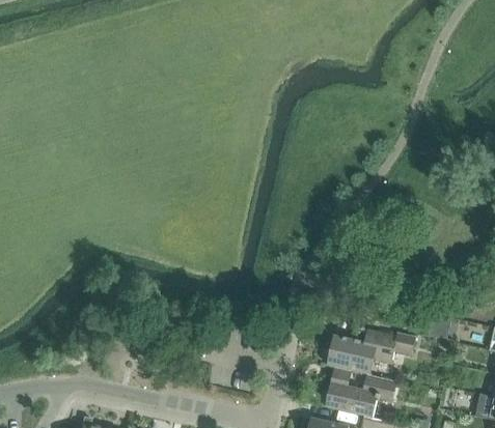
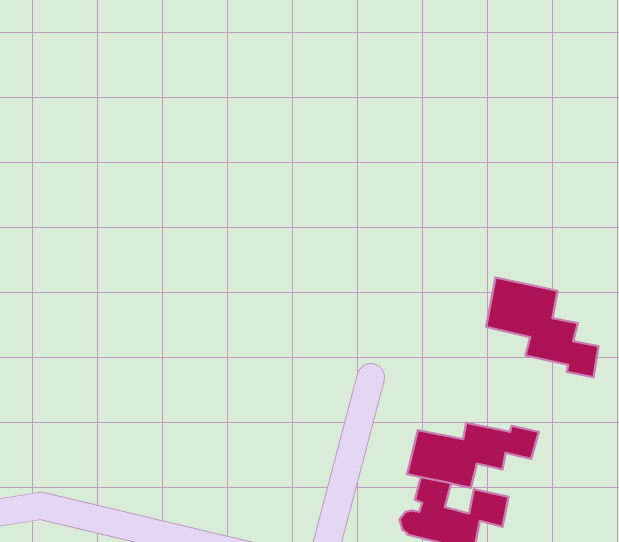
building: none -> [486,278,599,377]

